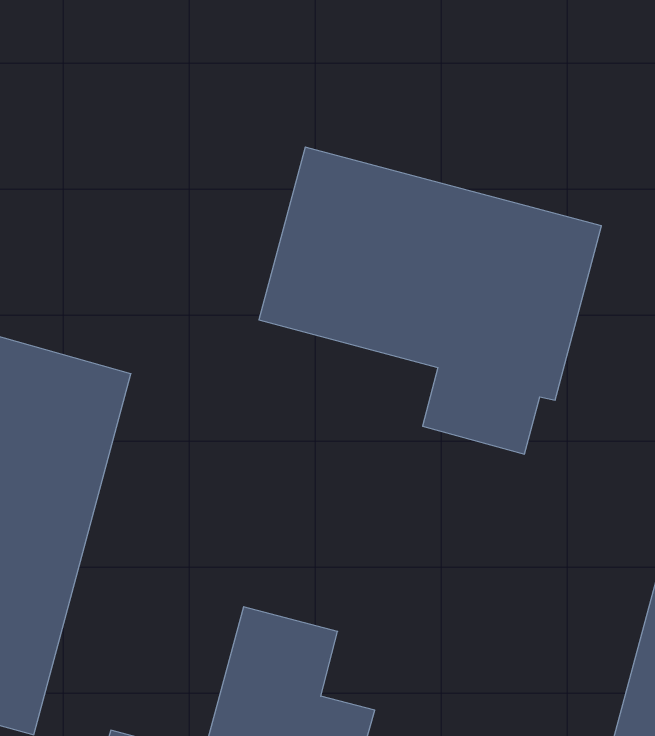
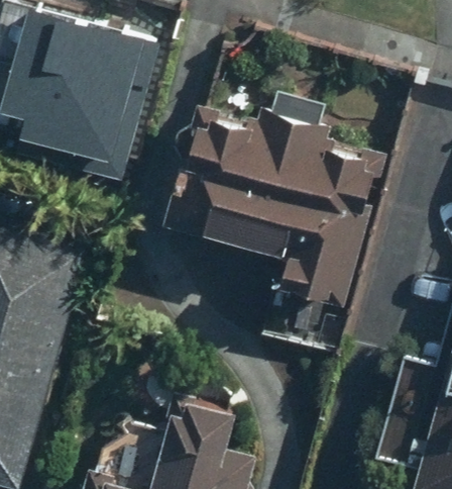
building: none -> [15,7,161,176]

